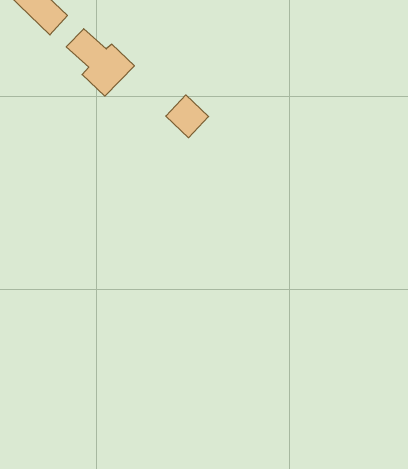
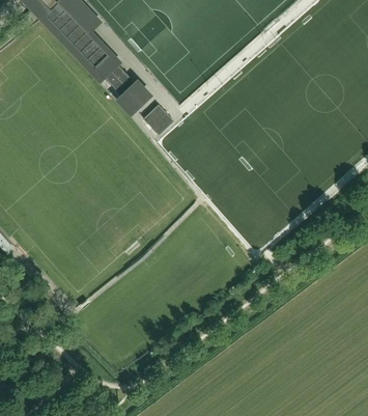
building: [166,95,209,138] -> [142,104,173,135]

